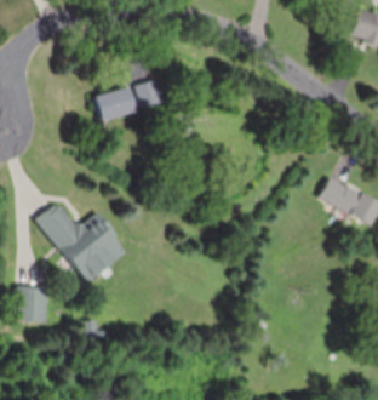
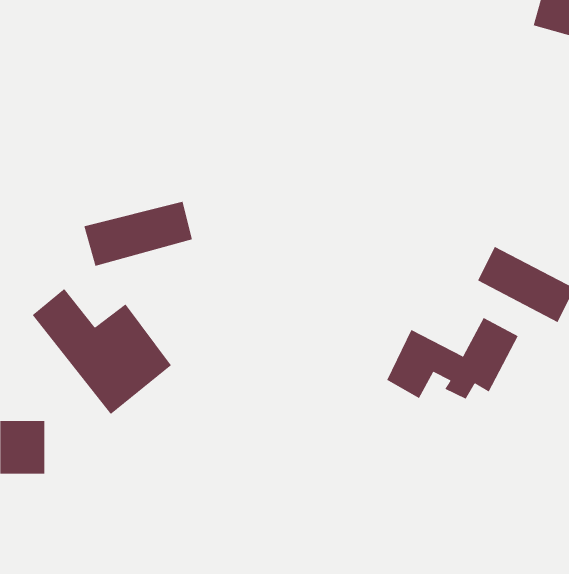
building: [93,80,162,121] -> [83,201,193,266]
building: none -> [387,317,518,400]

